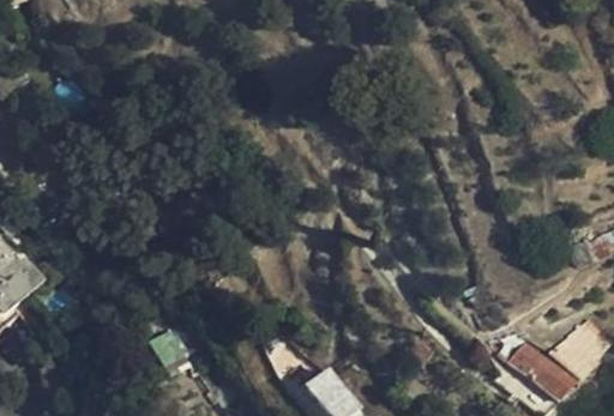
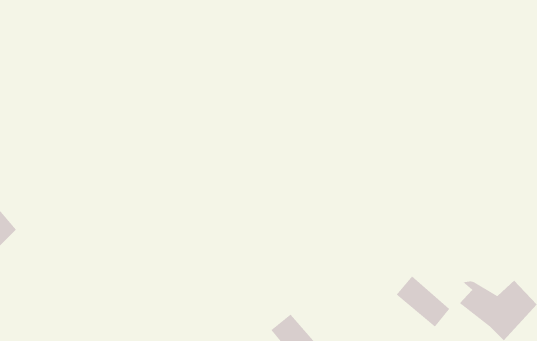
building: none -> [396,275,450,327]

